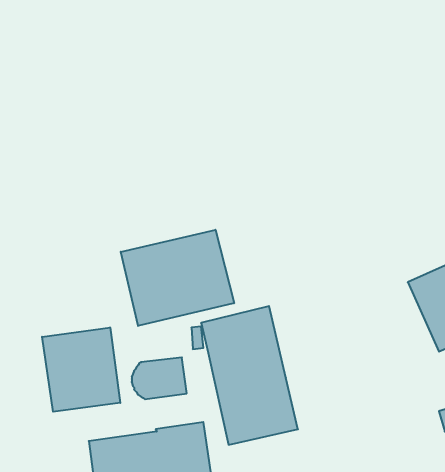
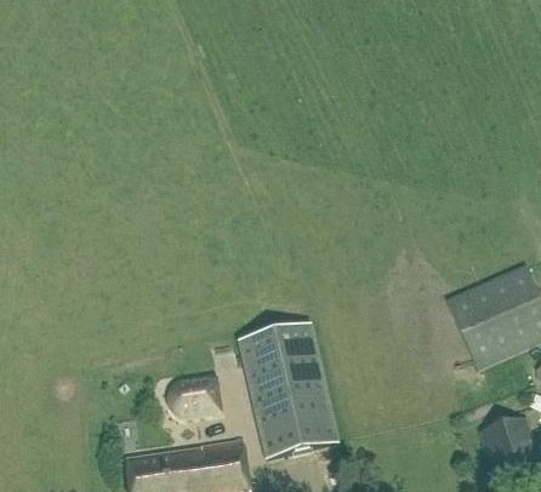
building: [121,230,234,326] -> none
building: [42,327,120,412] -> none

